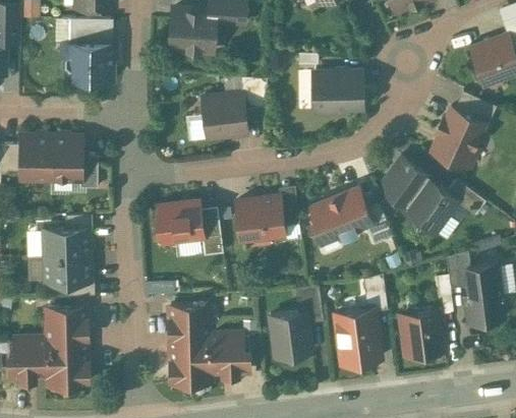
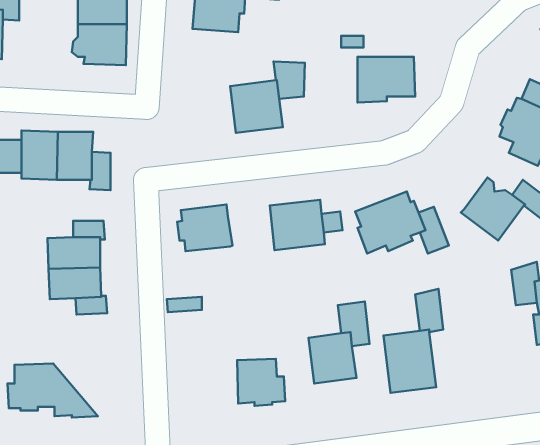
building: [383,158,426,205] -> none
building: [198,210,221,248] -> none
building: [168,307,209,384] -> none
building: [46,309,88,385] -> none
building: [399,311,444,357] -> none

